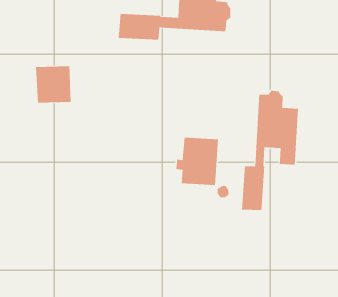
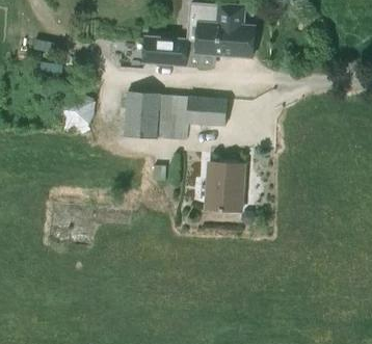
building: none -> [125,92,228,140]
building: [242,90,299,211] -> none

